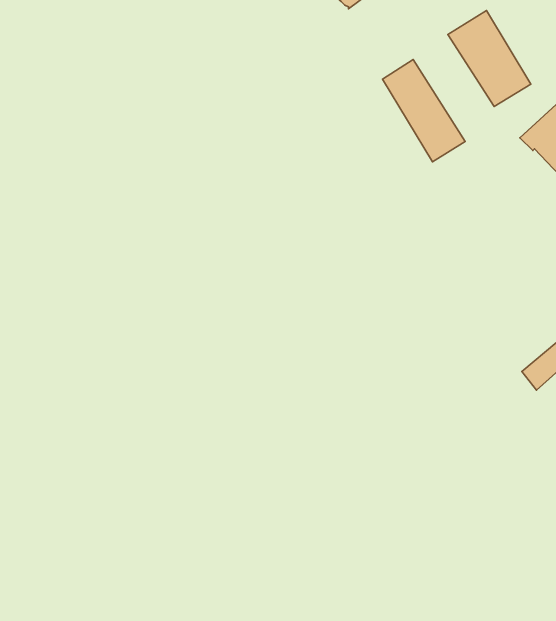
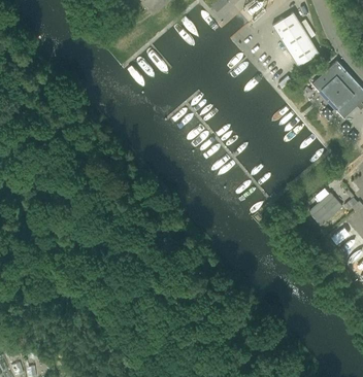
building: [383,59,465,162] -> none

